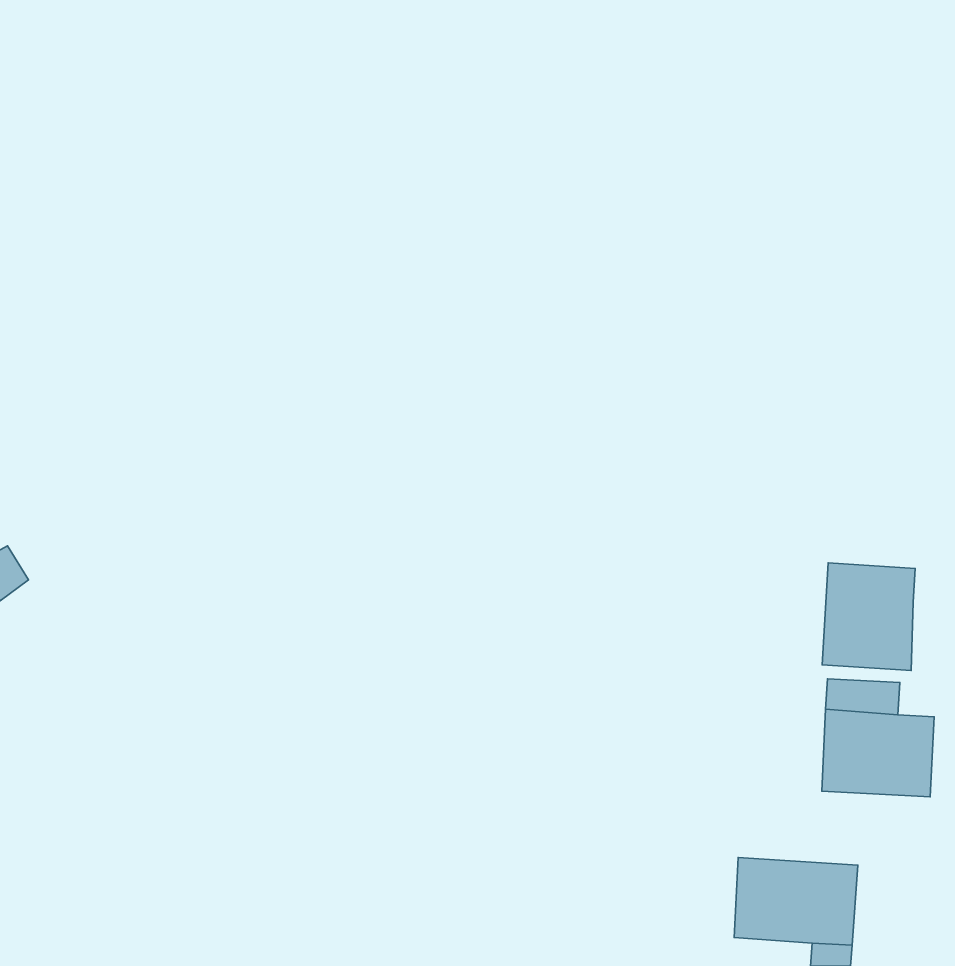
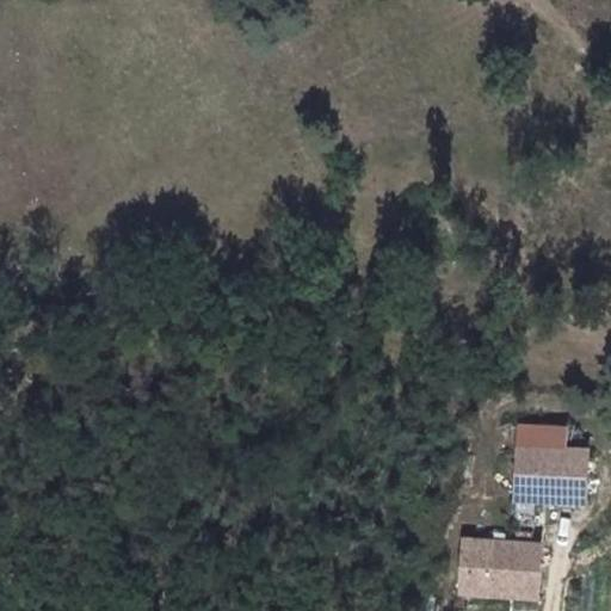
building: [822,563,915,671] -> none

